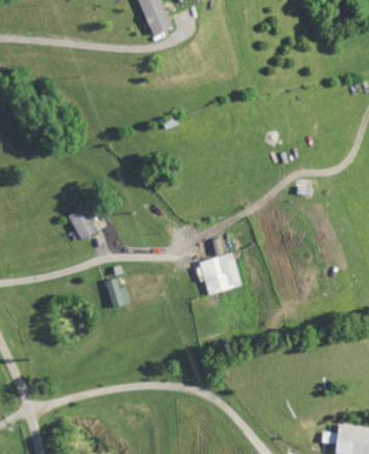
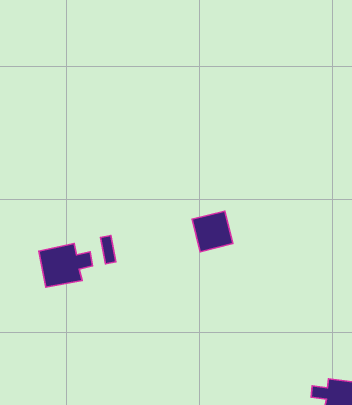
building: [68,207,97,240] -> none
building: none -> [39,243,93,287]

